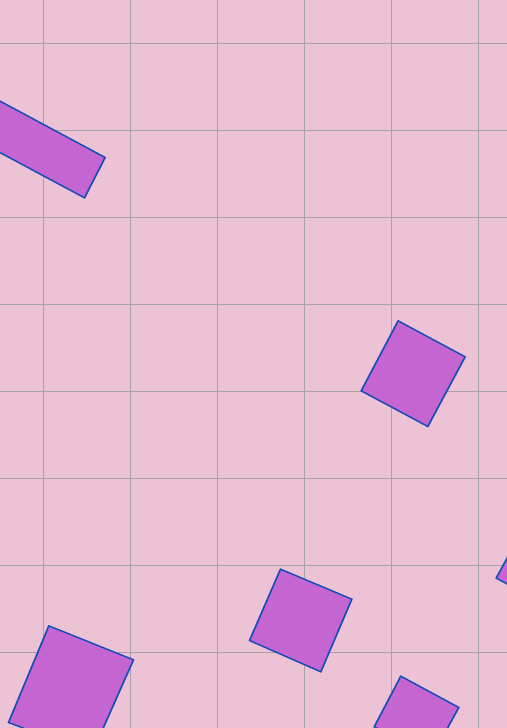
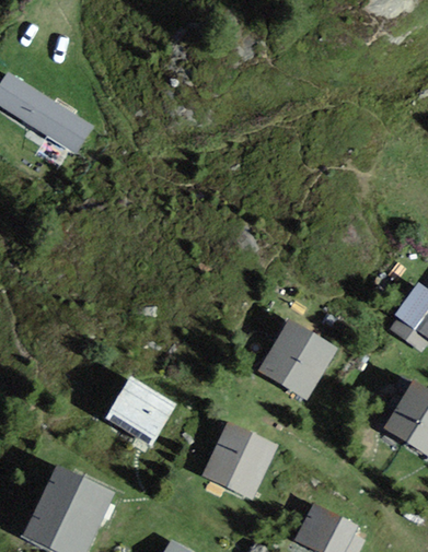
building: [361,321,465,427] -> [257,322,334,400]
building: none -> [106,377,174,441]

